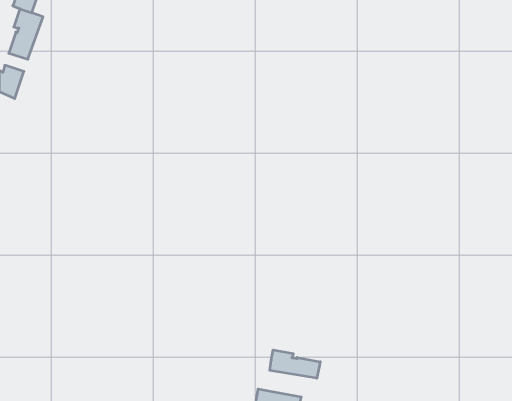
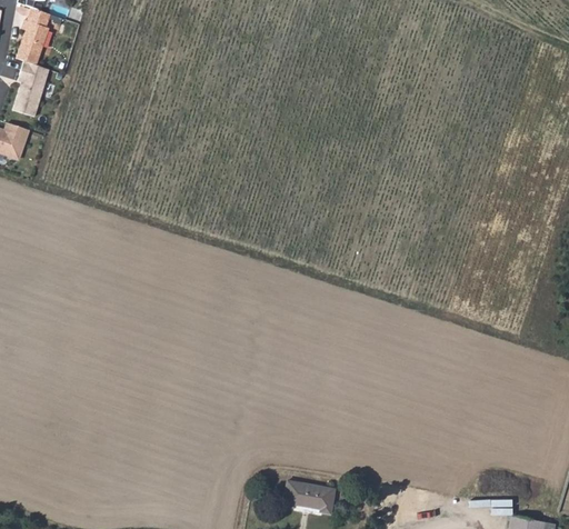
building: [270,350,320,378] -> none

